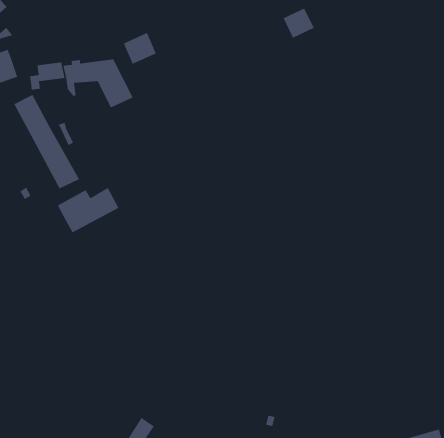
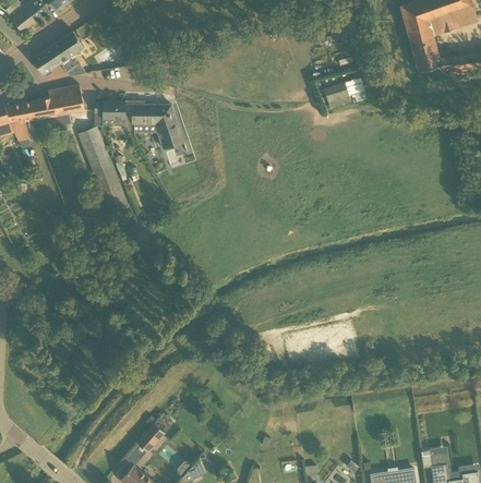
building: [123,32,157,65] -> none
building: [57,187,119,233] -> none

